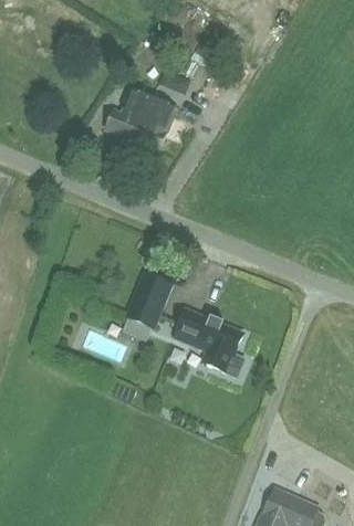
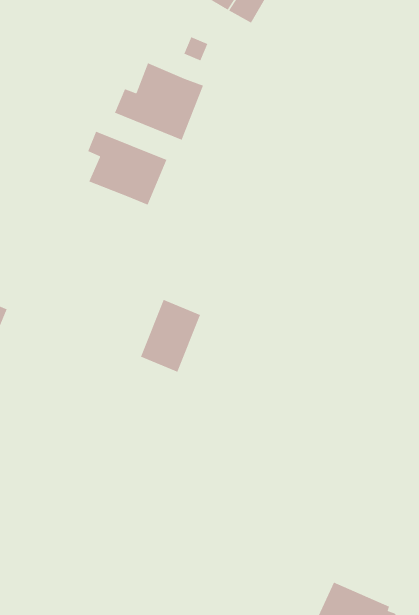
building: none -> [88,131,167,206]
building: [175,311,244,378] -> none

